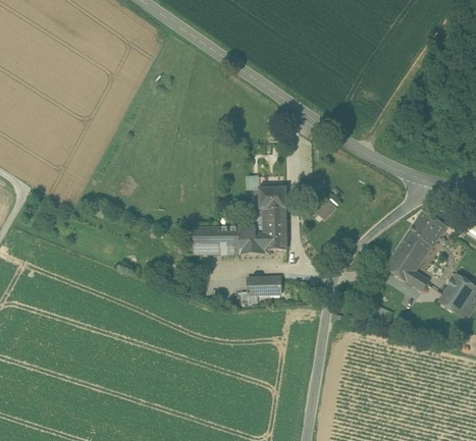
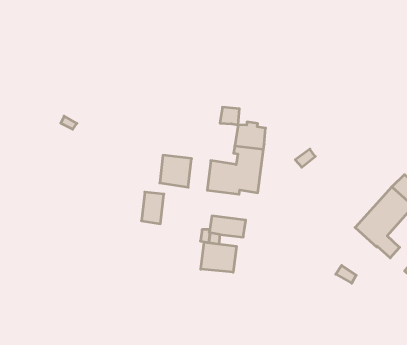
building: [220,225,240,254] -> [141,192,164,224]
building: none -> [201,242,236,272]

